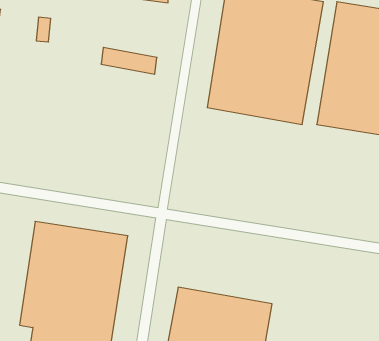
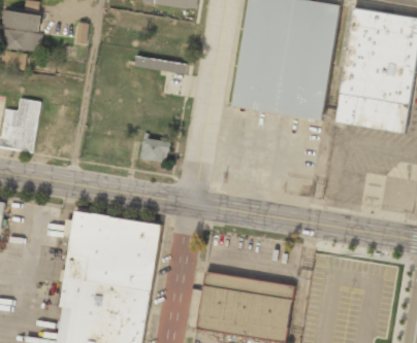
building: none -> [139,137,170,163]

